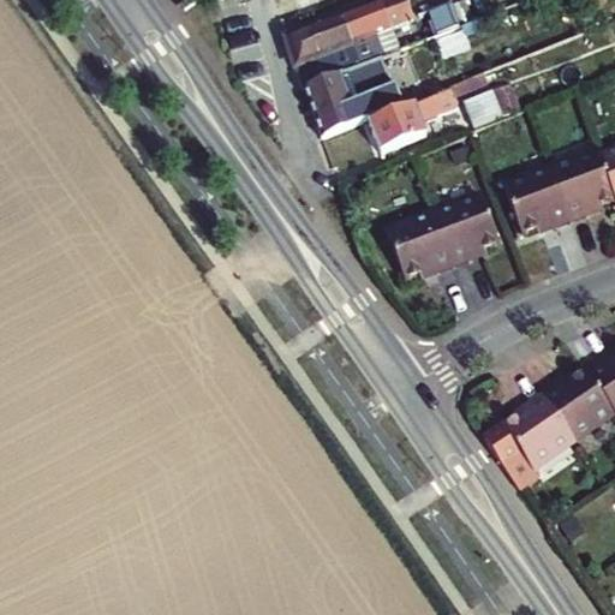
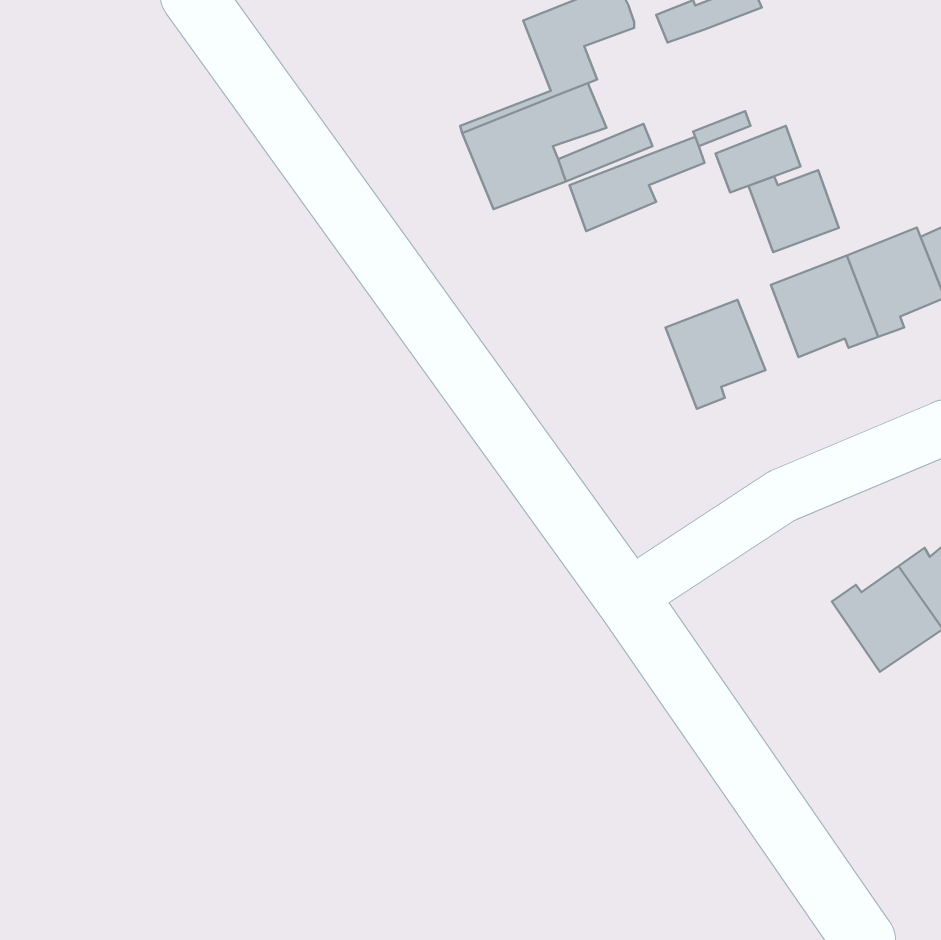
building: [286,13,360,82] -> none
building: none -> [749,170,839,252]
building: [387,213,455,277] -> none
building: [486,390,574,488] -> none

